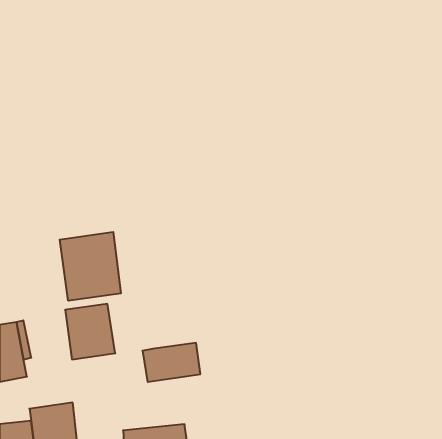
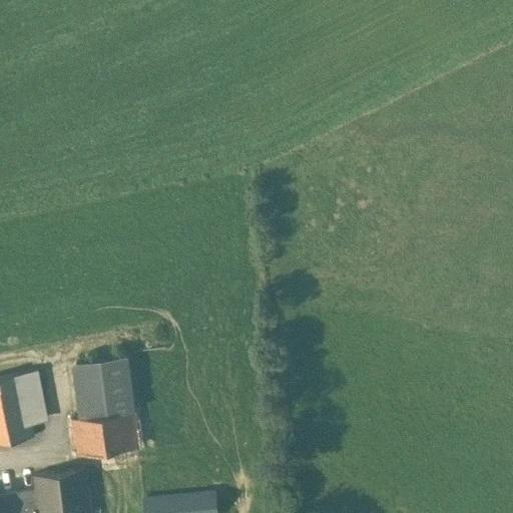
building: [60,232,121,301] -> none
building: [142,343,200,382] -> [71,413,138,458]

